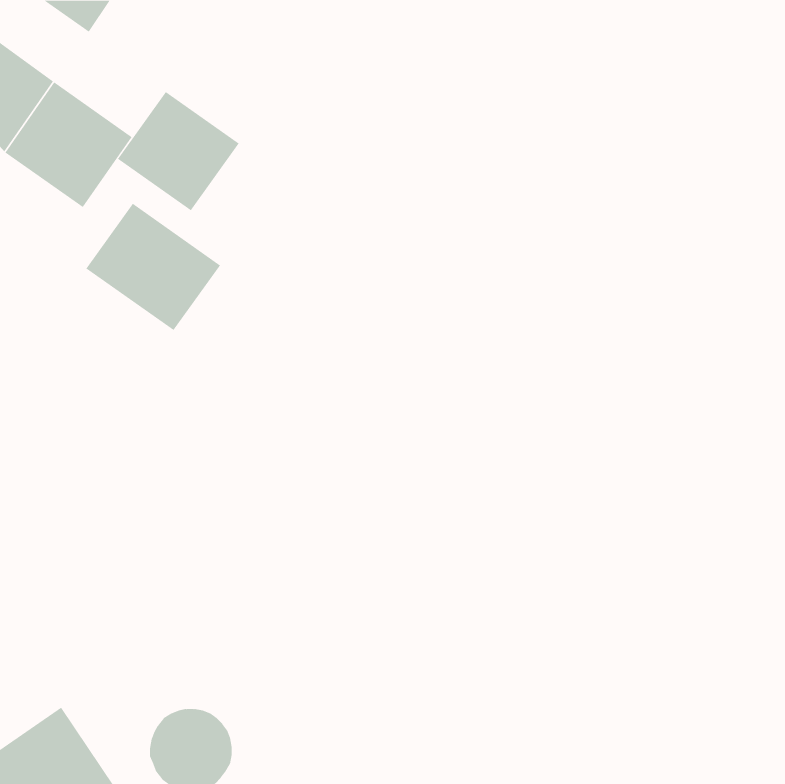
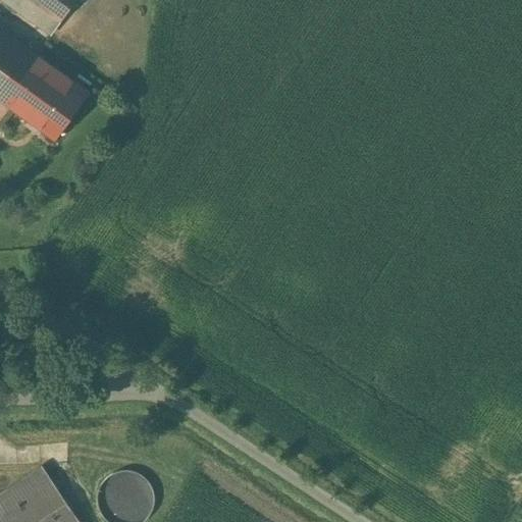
building: [117,91,240,211] -> none
building: [85,203,221,331] -> none

